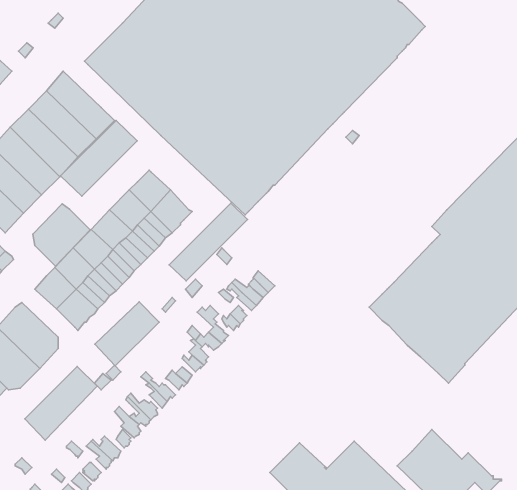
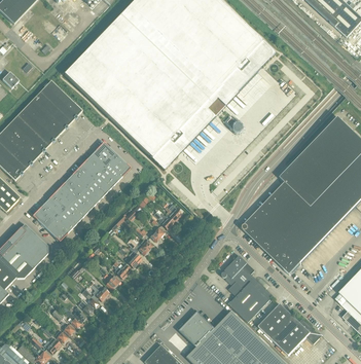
building: [61,120,137,196] -> none
building: [169,203,248,281] -> none
building: [33,204,90,266] -> none
building: [95,302,159,366] -> none
building: none -> [221,255,274,322]
building: [25,367,97,440] -> none

